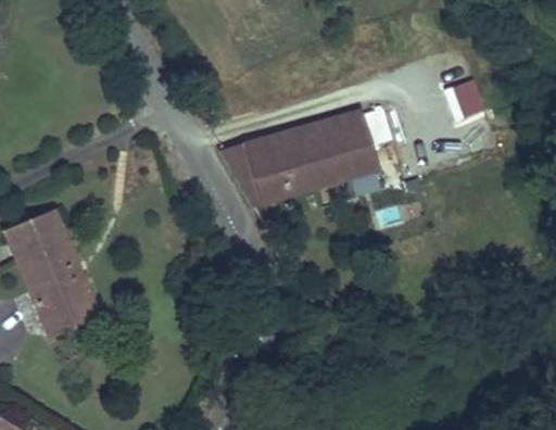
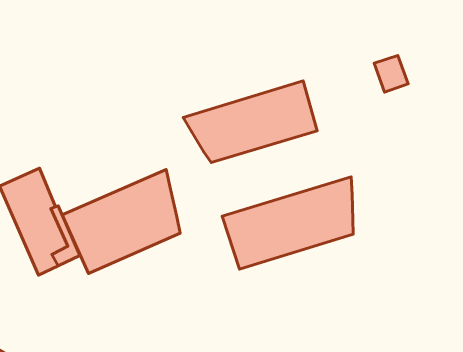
building: none -> [62,170,180,273]
building: none -> [222,177,353,269]

